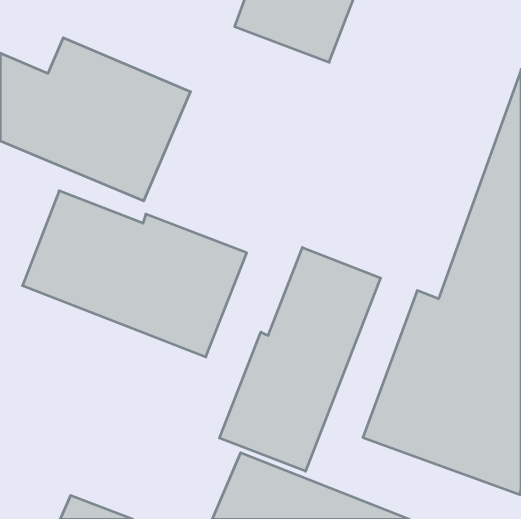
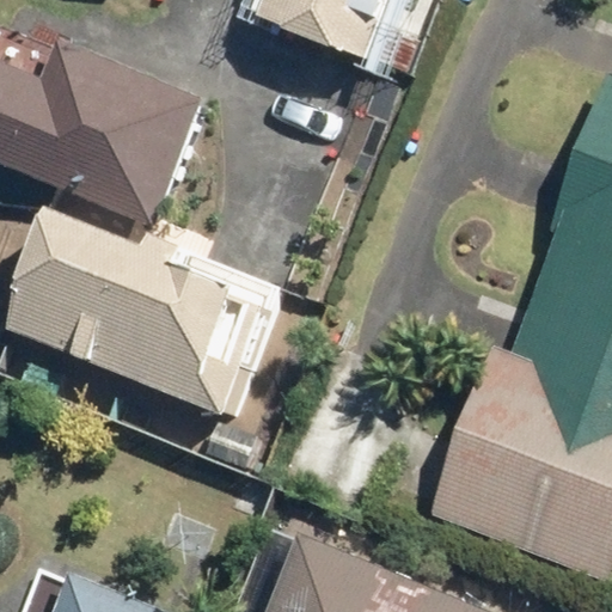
building: [219,247,381,471] -> none

